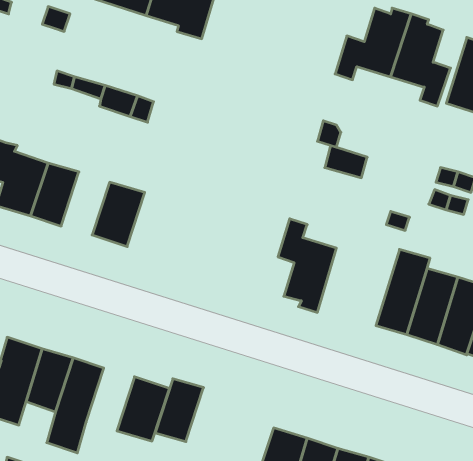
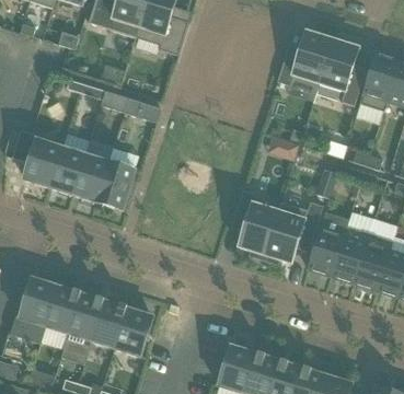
building: none -> [72,153,108,200]
building: none -> [264,199,323,263]
building: [155,379,204,442] -> [91,300,127,347]

